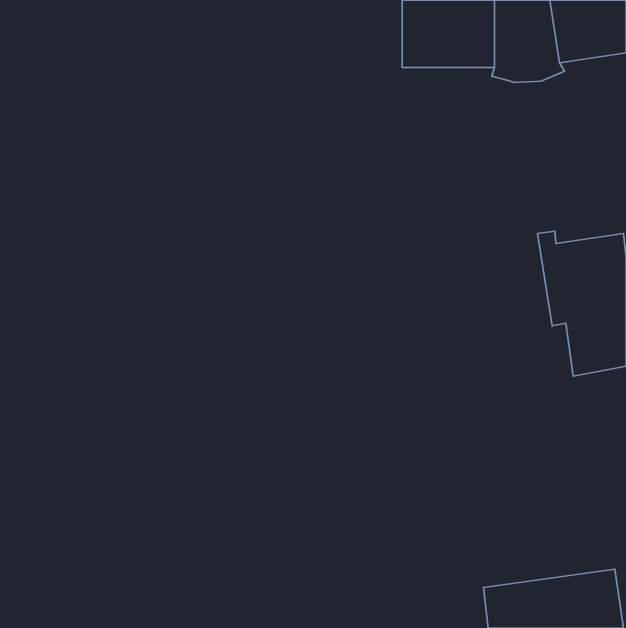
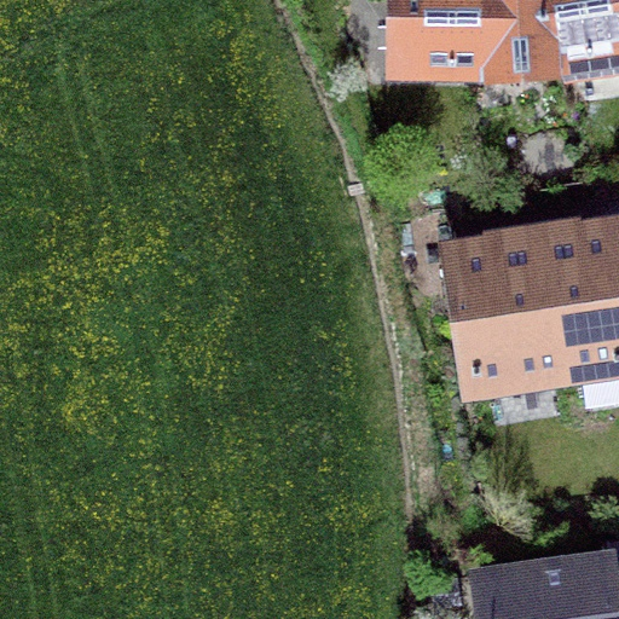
building: none -> [449,230,563,384]

